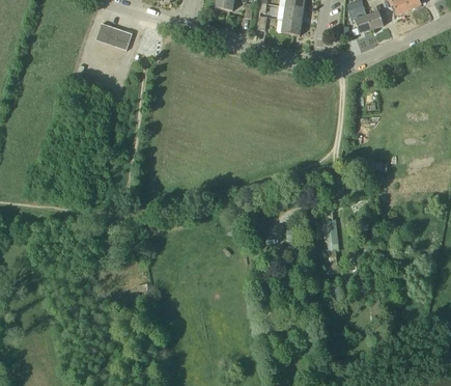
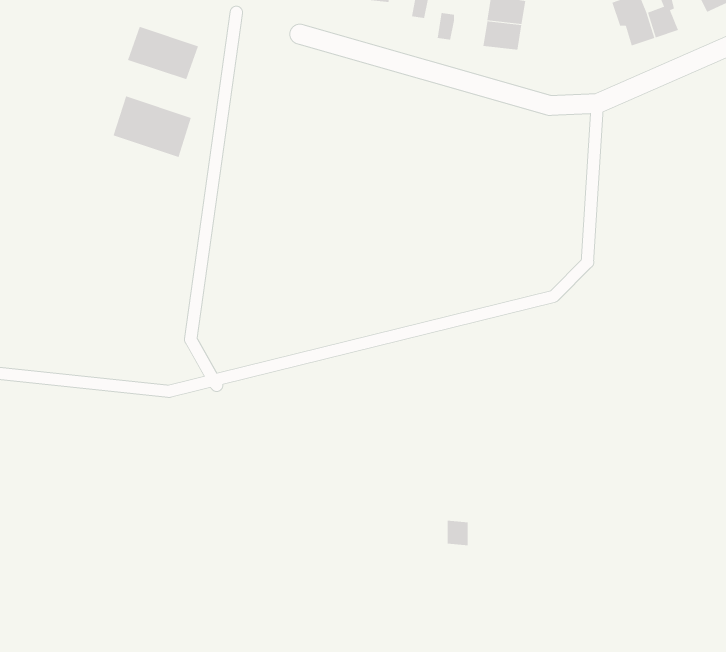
building: none -> [113,95,192,158]

